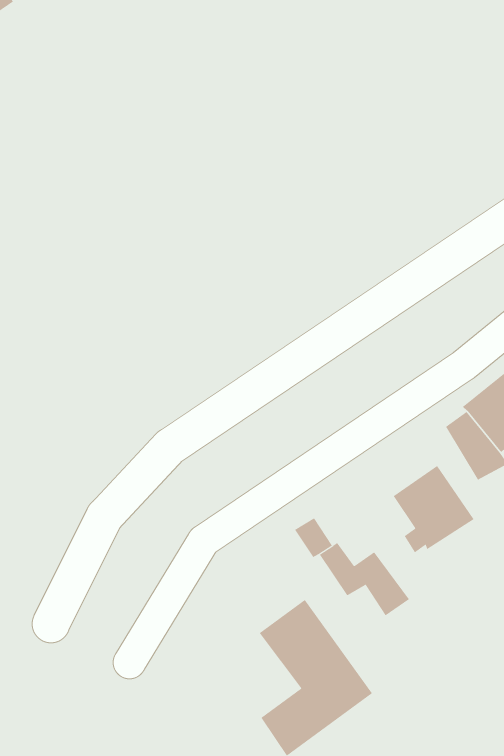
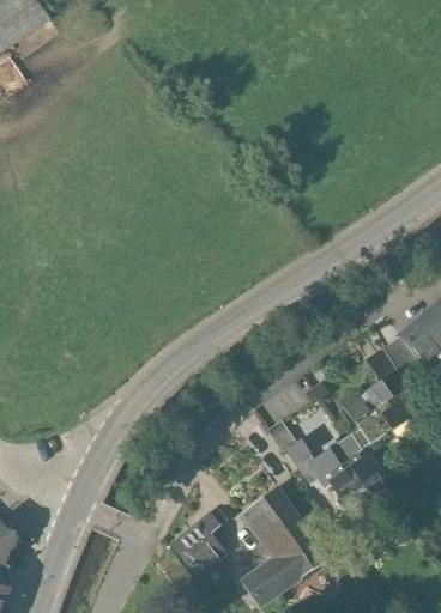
building: none -> [328,433,375,484]
building: none -> [171,516,232,575]

